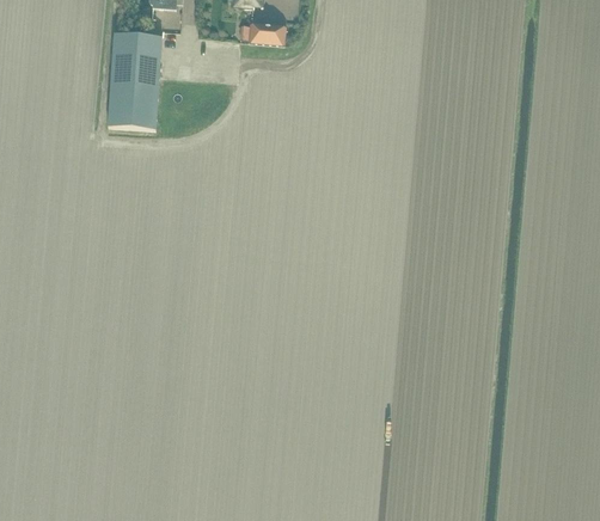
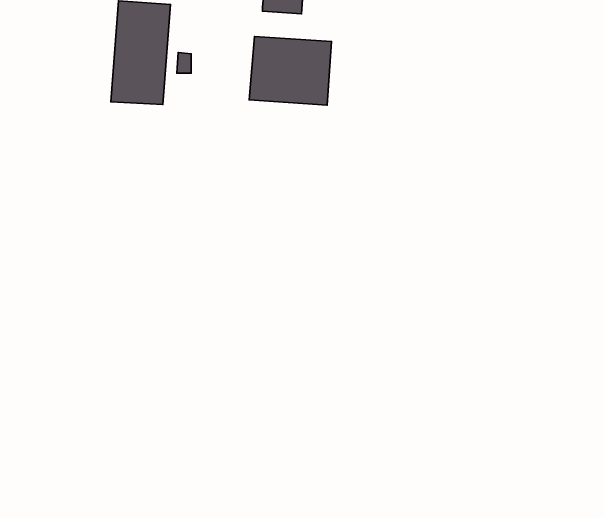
building: none -> [249,37,332,105]

